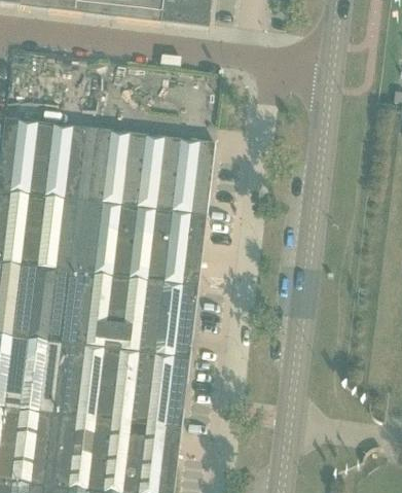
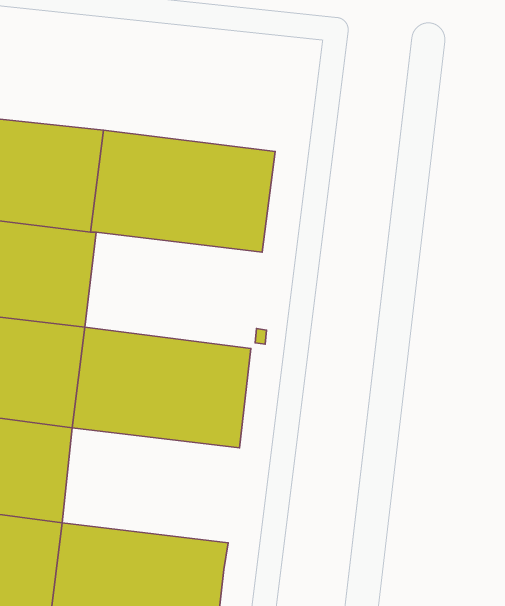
building: [77,201,206,285] -> none
building: [61,343,189,426] -> none

